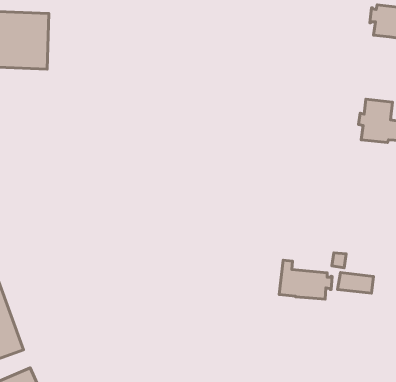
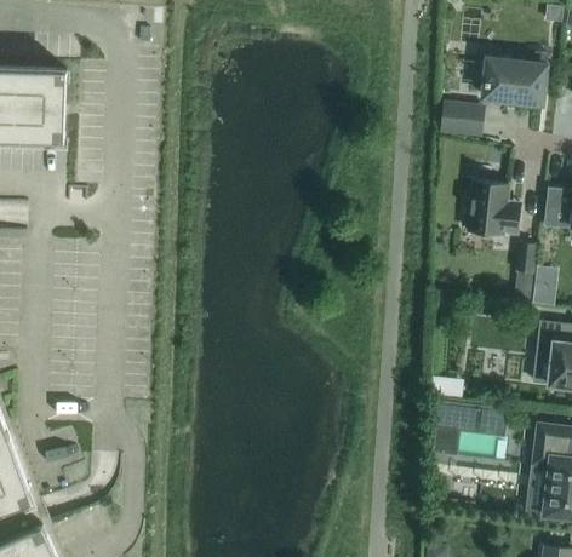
building: none -> [441,102,484,137]
building: [279,260,332,299] -> none

